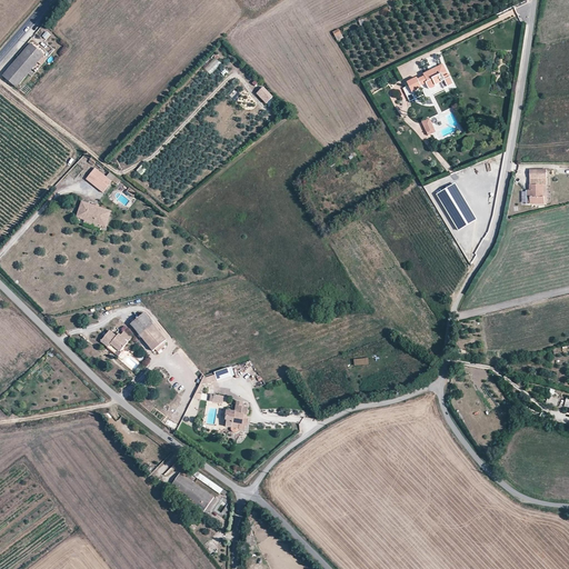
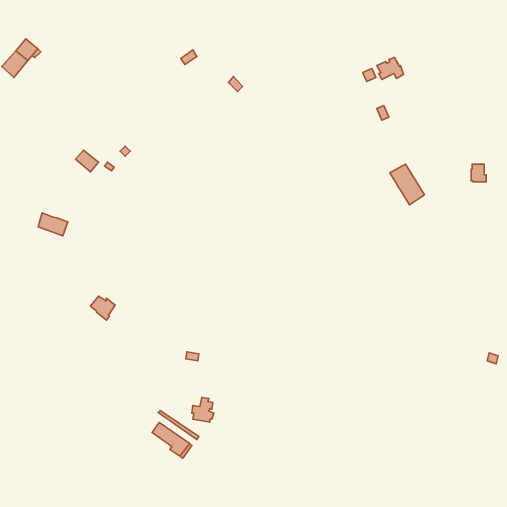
building: [76,200,109,226] -> [38,213,68,236]
building: [129,312,163,349] -> none
building: [223,401,248,429] -> [192,397,214,422]

